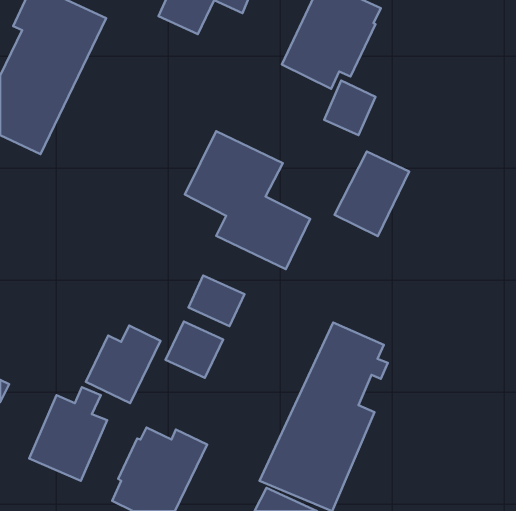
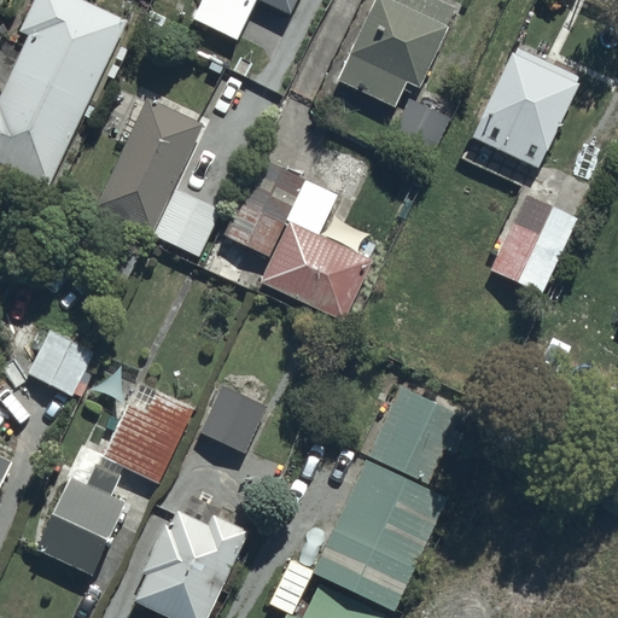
building: none -> [480,48,578,168]
building: none -> [97,100,221,257]
building: [335,151,409,236] -> [488,194,577,296]
building: none -> [28,328,91,392]
building: [189,276,244,326] -> none

